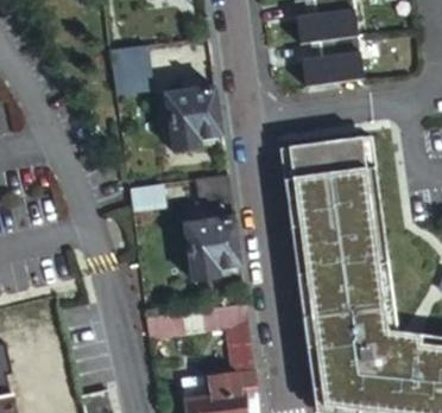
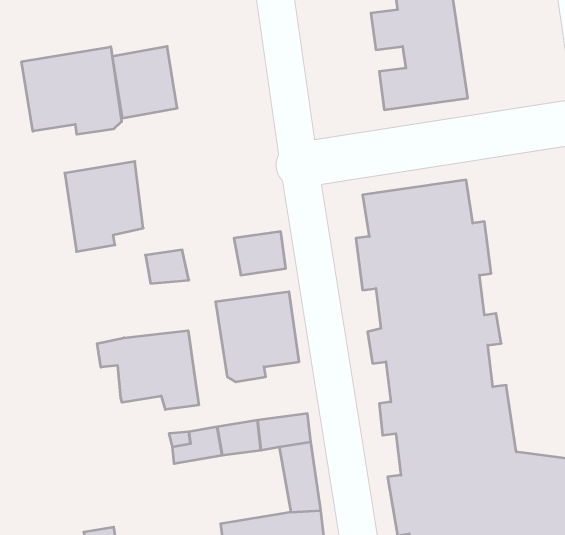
building: none -> [22,47,122,134]
building: [166,87,222,151] -> [65,161,143,252]
building: none -> [97,331,199,410]

